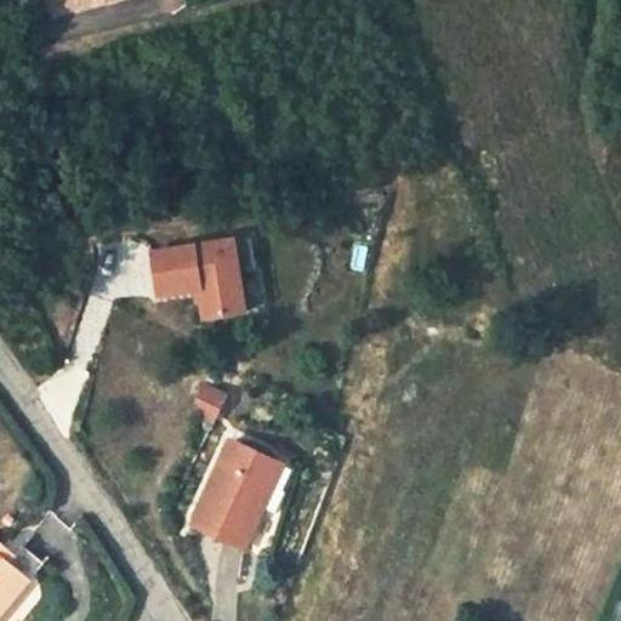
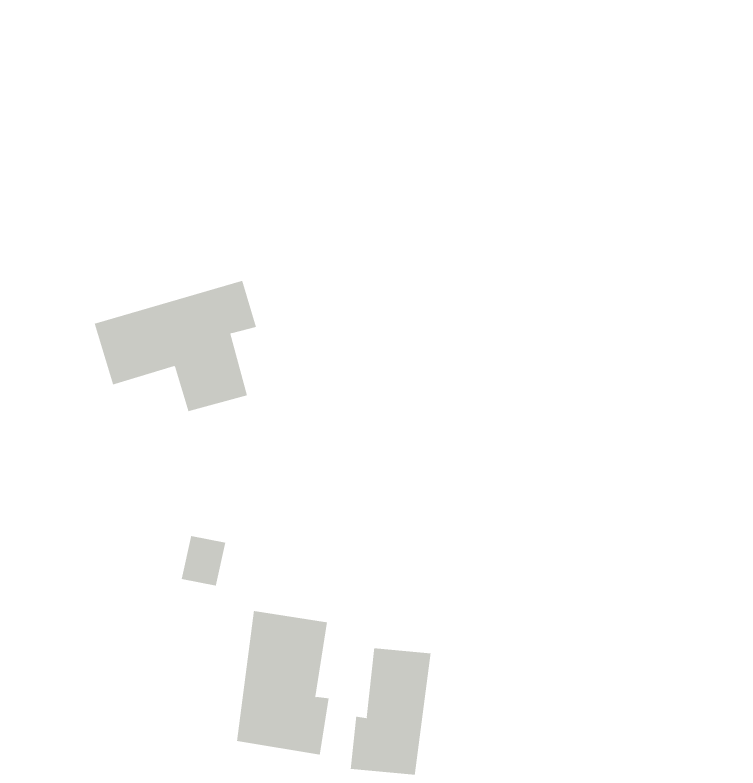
building: none -> [350,647,431,775]

